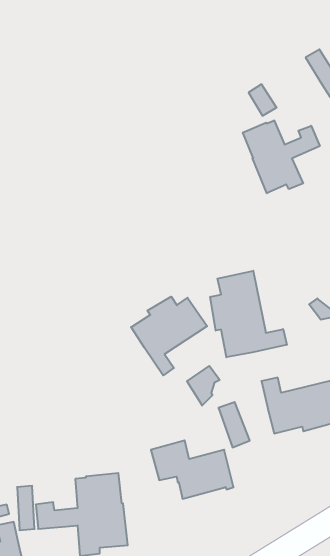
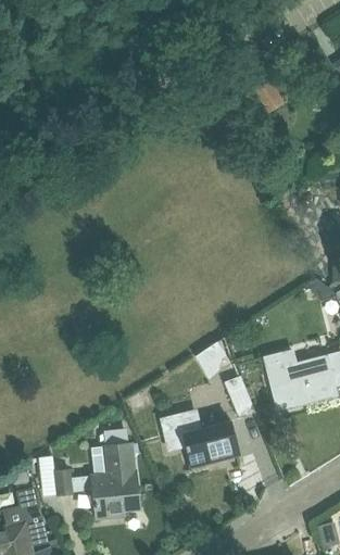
building: [243,120,320,193] -> none
building: [210,271,287,357] -> none
building: [131,297,207,375] -> none

